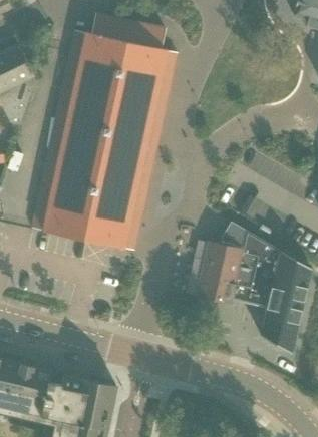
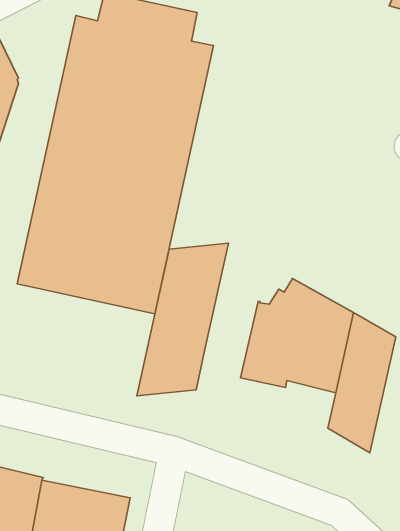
building: none -> [137,243,229,396]

